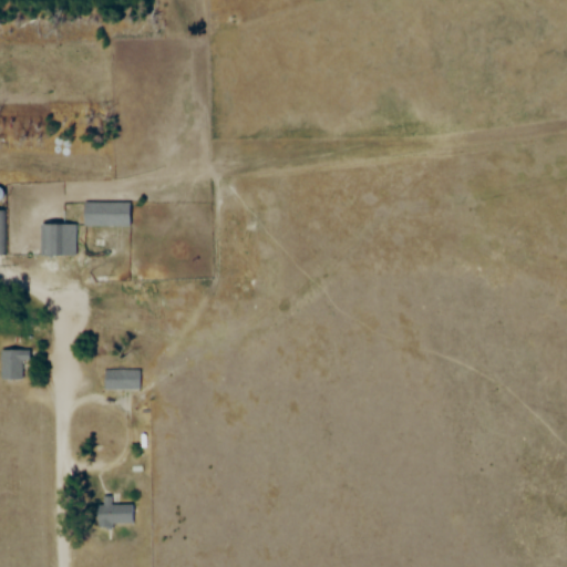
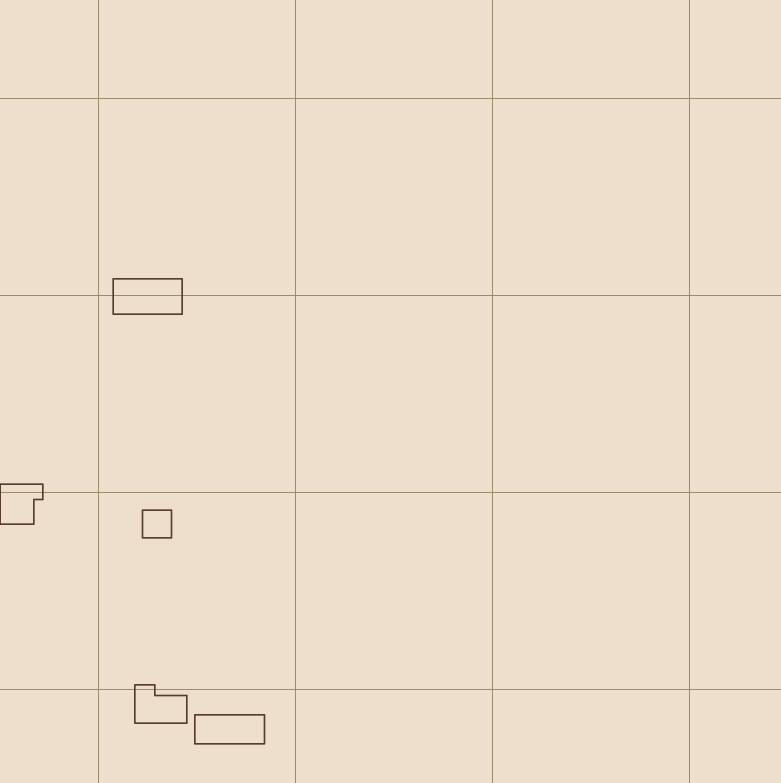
building: [41,224,75,257] -> none
building: none -> [195,715,264,744]

